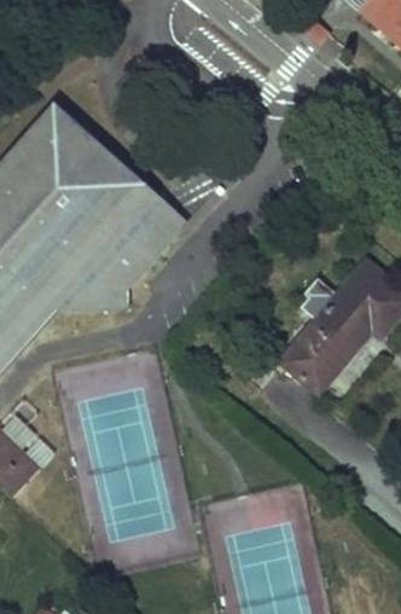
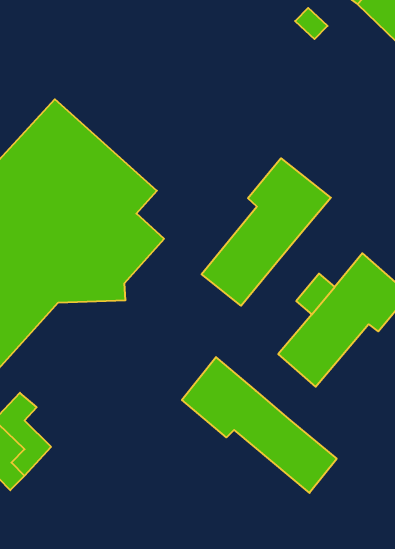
building: none -> [202,158,331,306]
building: [138,196,186,244] -> none
building: none -> [182,357,337,493]

